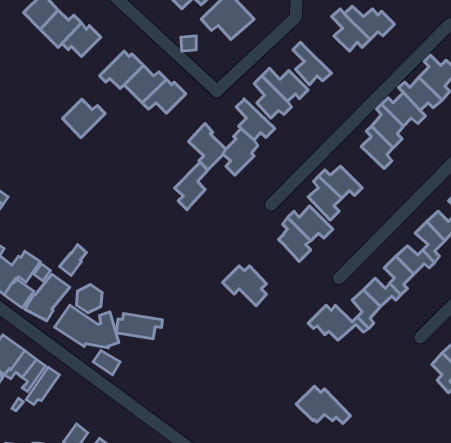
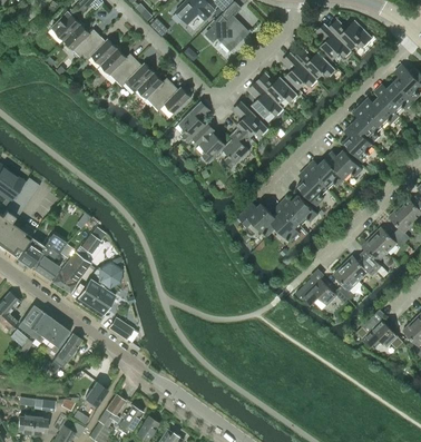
building: none -> [294,50,334,79]
building: [63,99,105,138] -> [100,48,137,81]
building: none -> [324,149,362,178]
building: [174,162,208,210] -> [178,101,207,143]
building: [223,266,266,306] -> [237,203,275,237]
building: [116,313,163,339] -> none
building: [296,386,350,423] -> [356,316,403,348]

